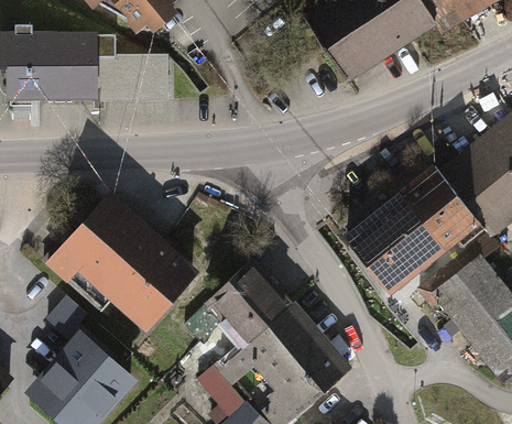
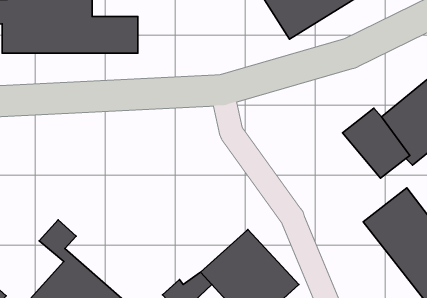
building: [40,192,197,336] -> none
building: [350,192,447,289] -> none
building: [182,258,292,355] -> none

